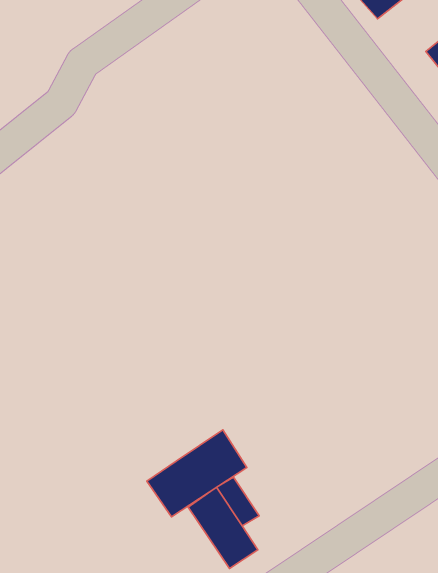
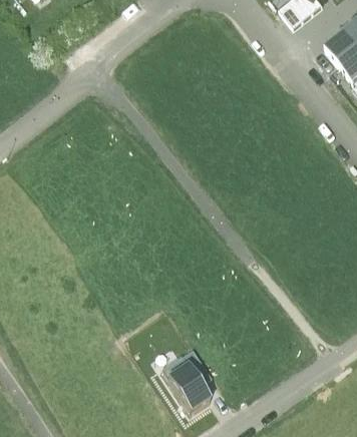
building: [147,430,247,517] -> none

